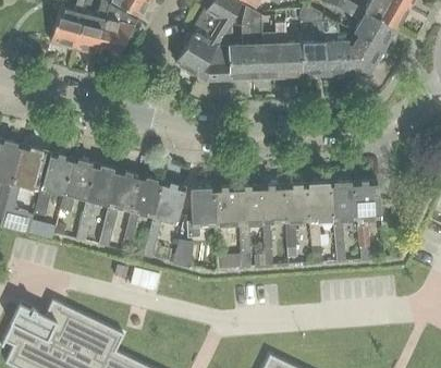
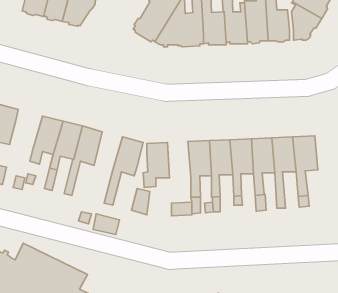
building: [35,152,74,212] -> none
building: [125,176,163,240] -> none
building: [213,187,240,228] -> none

